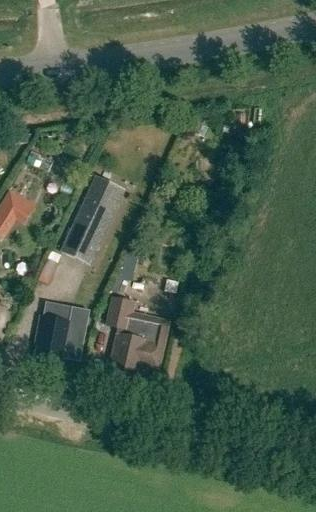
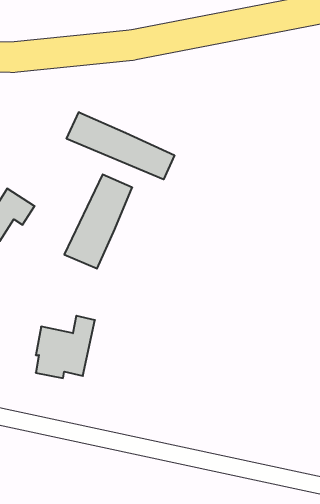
building: none -> [67,112,174,179]
building: [108,297,169,378] -> none

